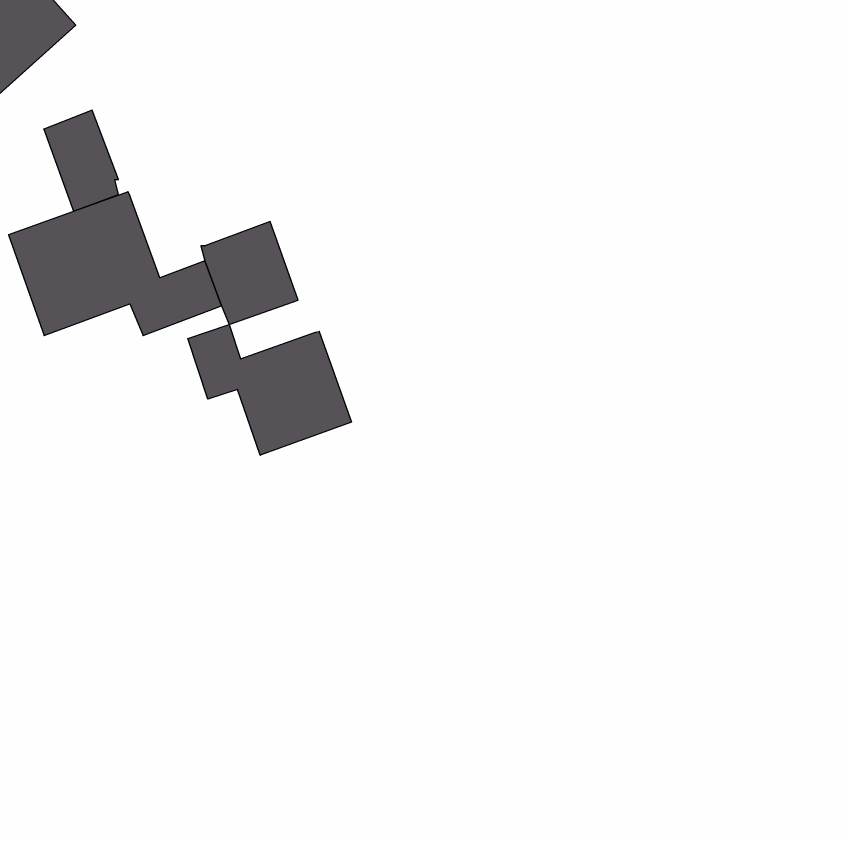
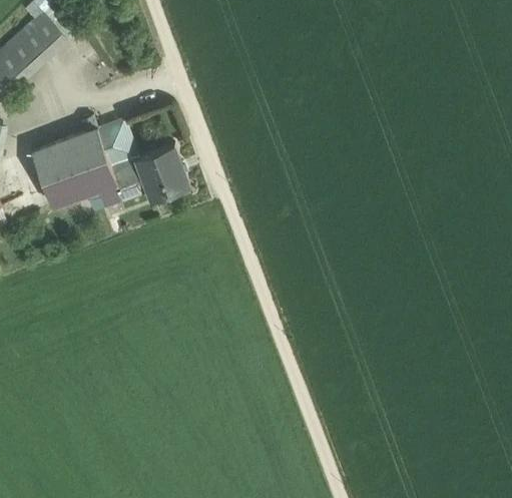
building: [44,110,118,211] -> [94,121,134,175]
building: [188,324,352,455] -> none

